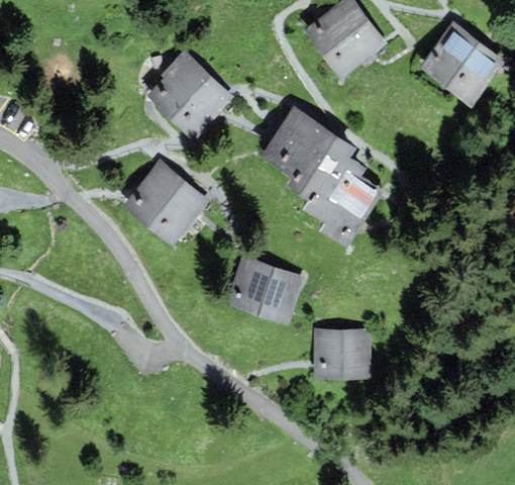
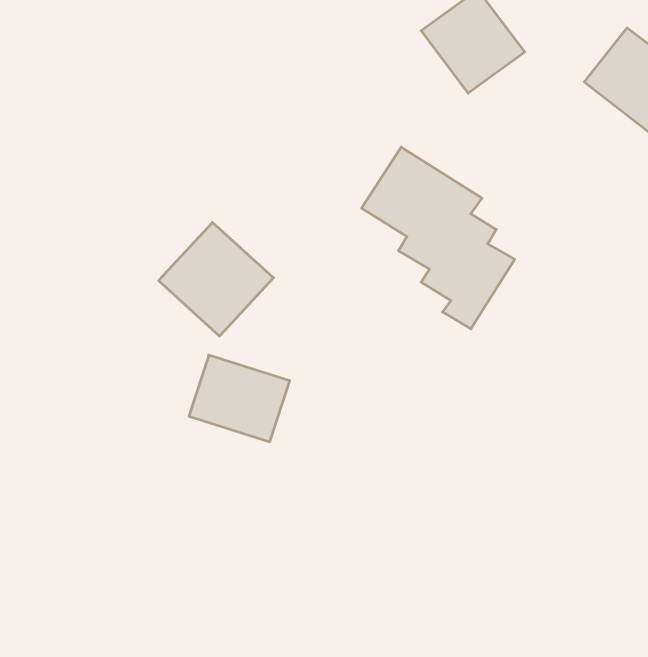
building: [148,55,229,134] -> none
building: [227,260,299,321] -> [189,355,290,442]
building: [320,330,370,373] -> none

